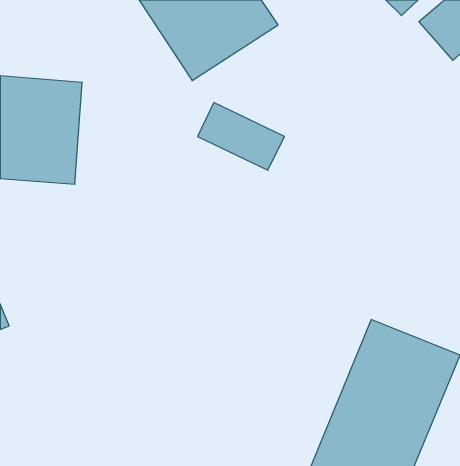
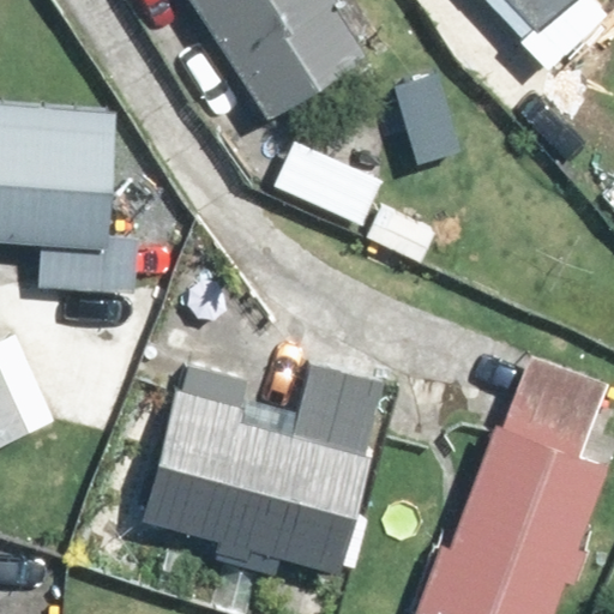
building: none -> [144,396,373,572]

